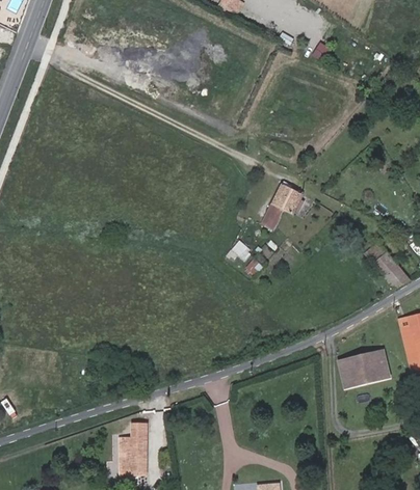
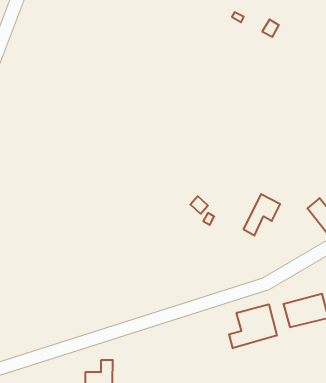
building: [261,182,303,228] -> [243,194,280,236]
building: none -> [229,304,277,348]

